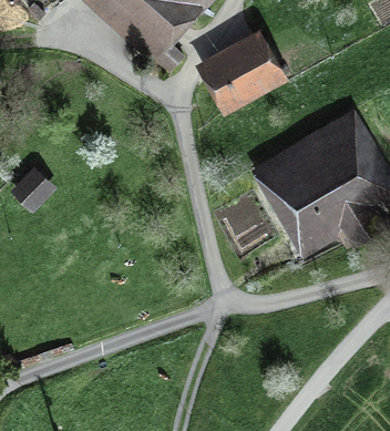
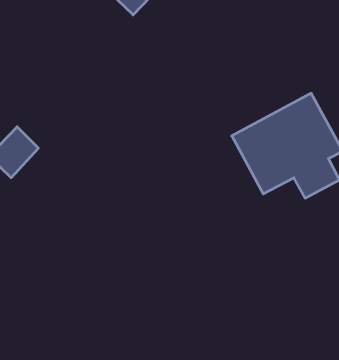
building: [205,45,275,106] -> none

